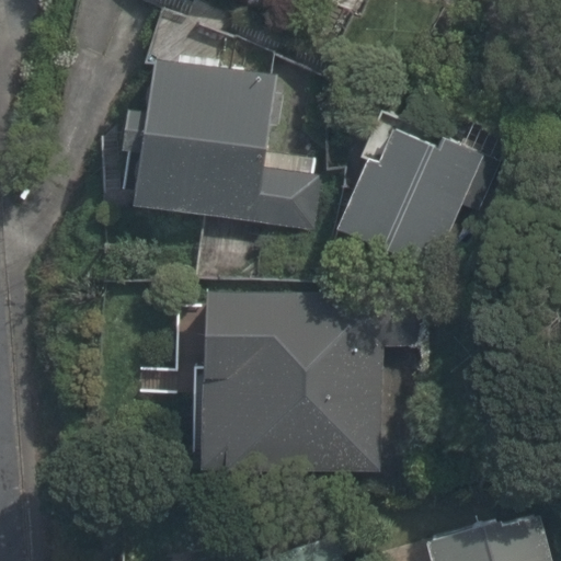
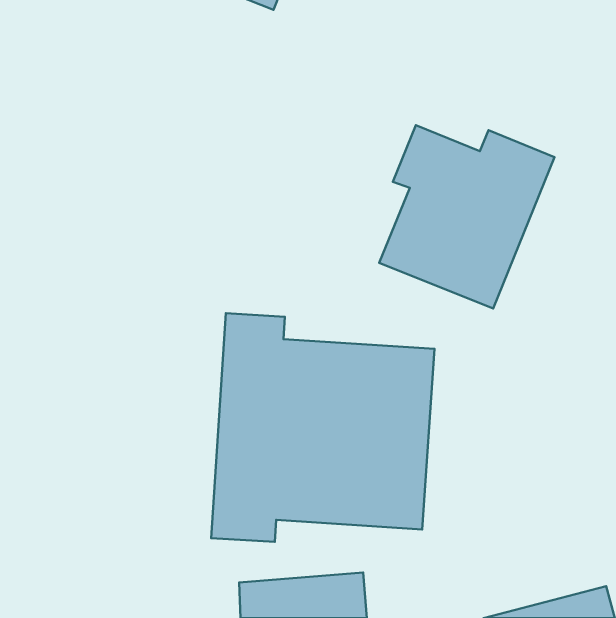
building: [115,57,272,220] -> none

